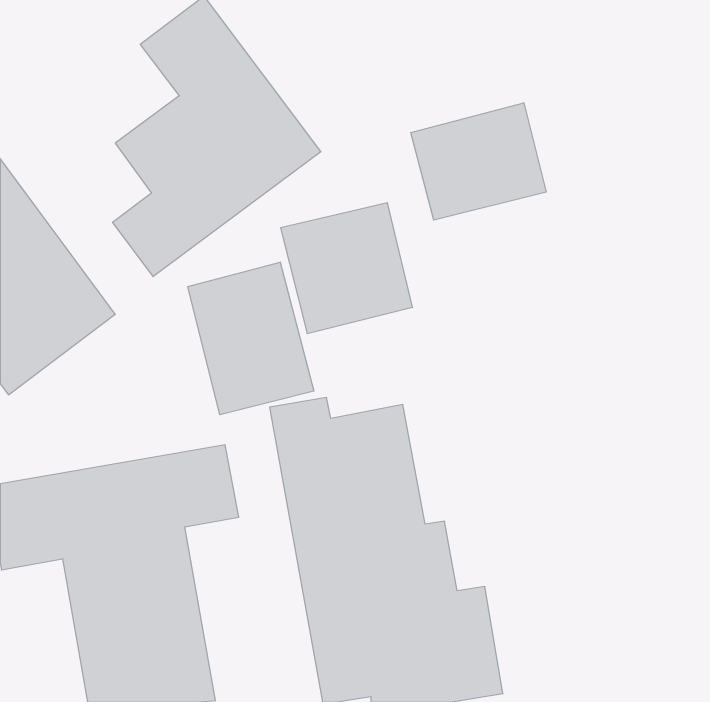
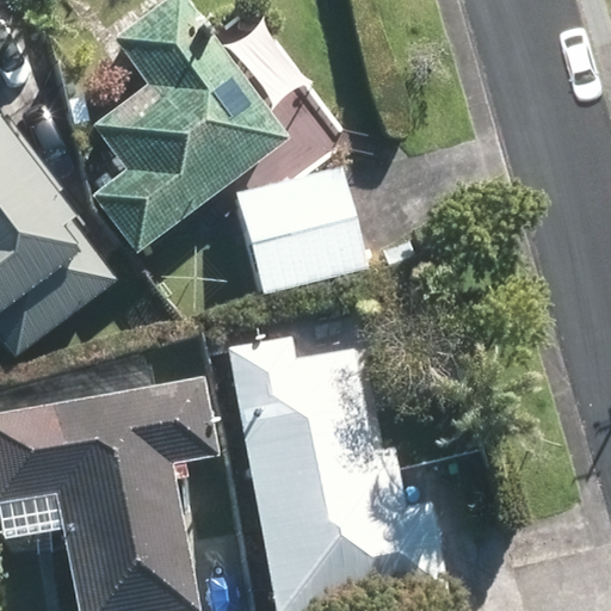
building: [411,103,546,220] -> none
building: [188,262,314,415] -> none

